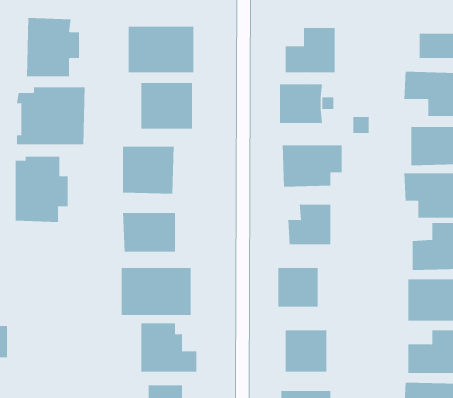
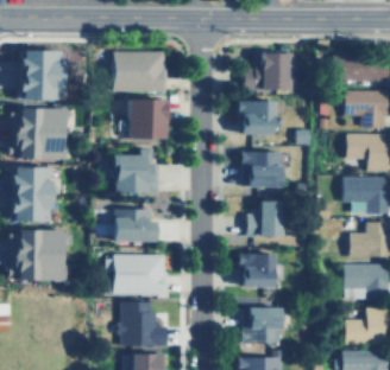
building: none -> [17,225,75,275]

